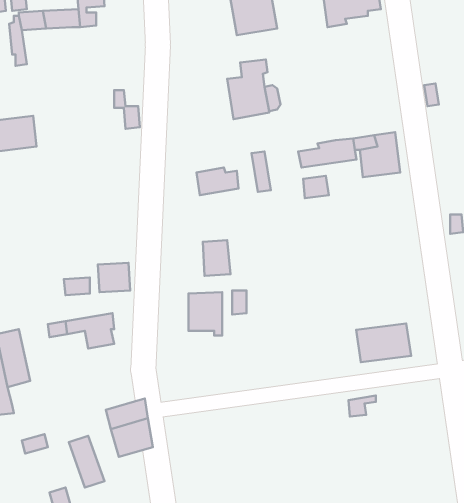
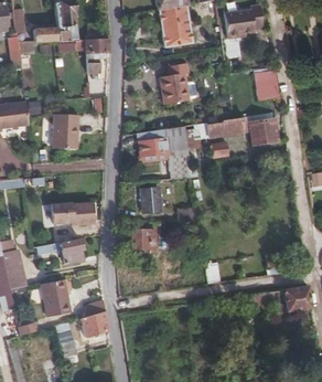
building: none -> [87,38,109,73]
building: none -> [254,70,280,100]
building: none -> [55,113,80,148]
building: [356,323,411,362] -> [273,286,311,312]
building: none -> [42,277,71,315]

